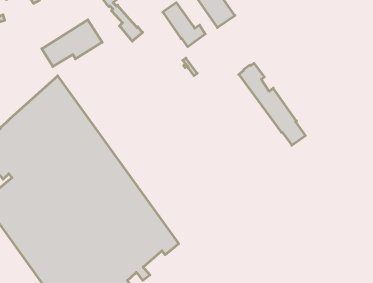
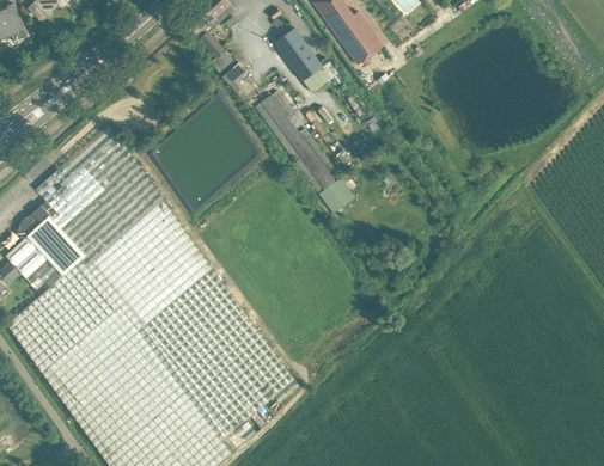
building: [42,20,102,67] -> none
building: [239,63,305,145] -> [255,90,354,211]

